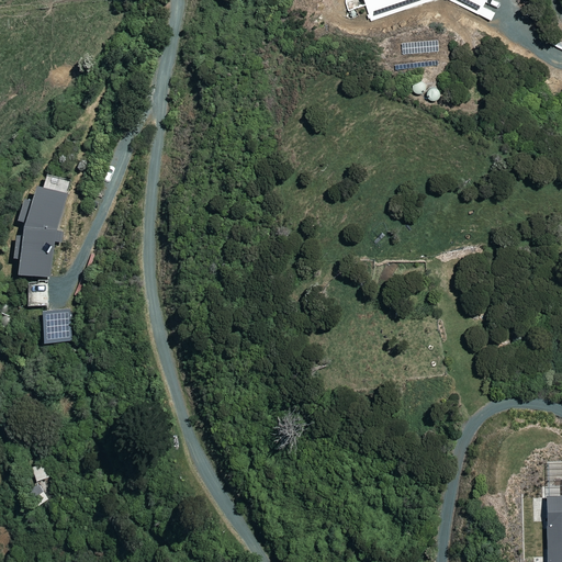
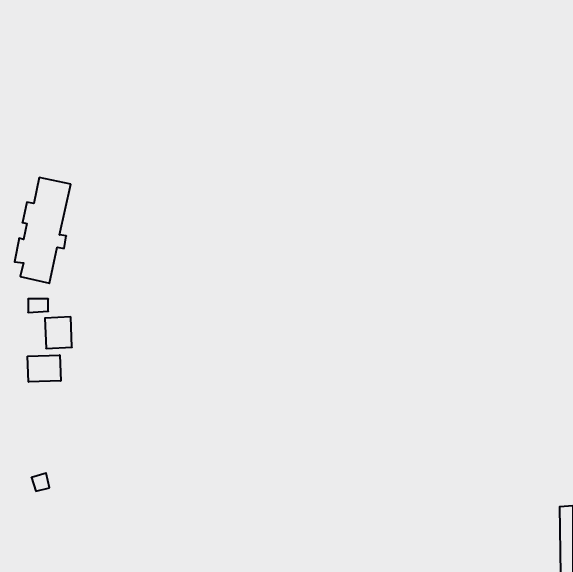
building: none -> [28,355,61,382]

